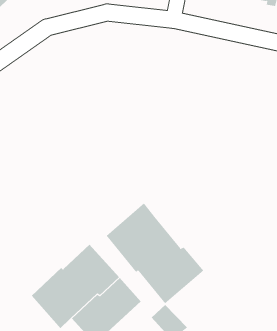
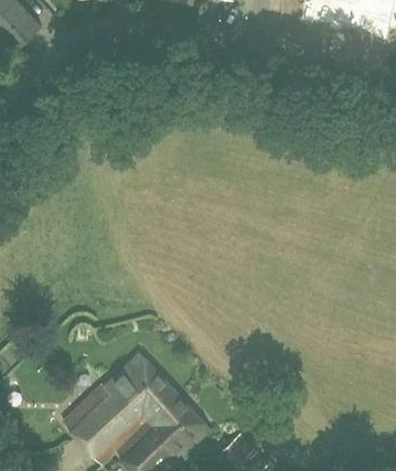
building: [106,202,204,304] -> none

